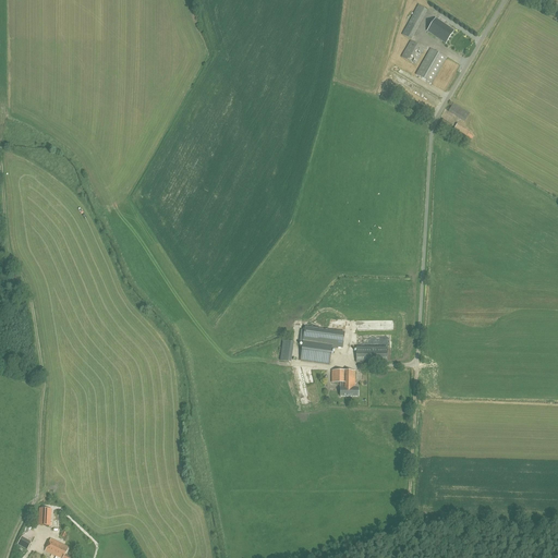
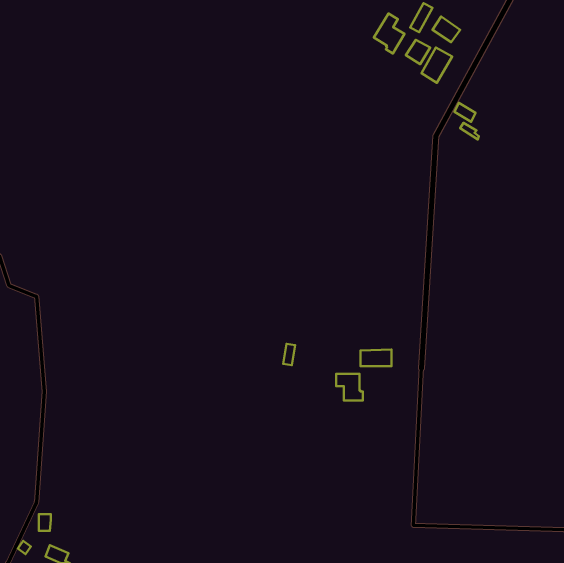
building: none -> [374,13,404,54]
building: [300,326,343,363] -> none

